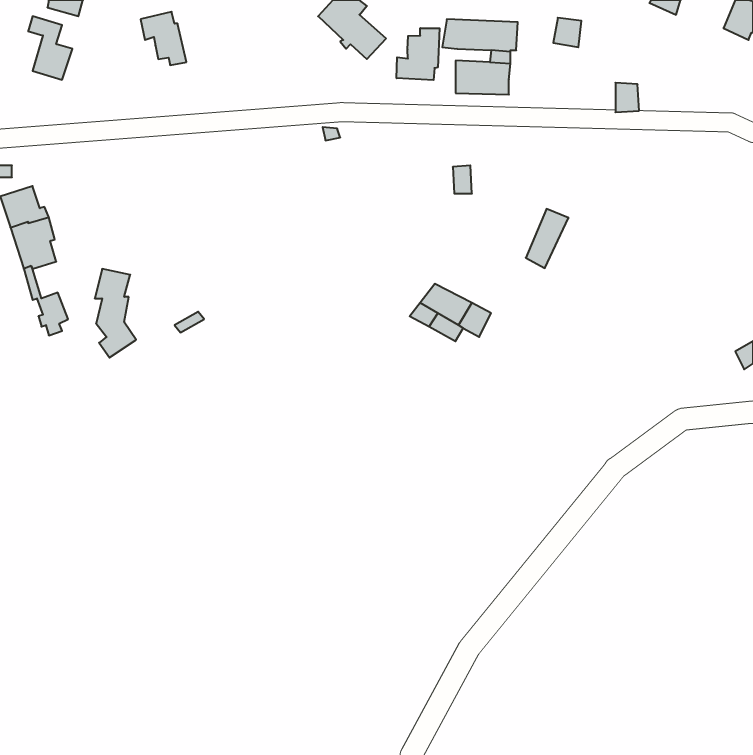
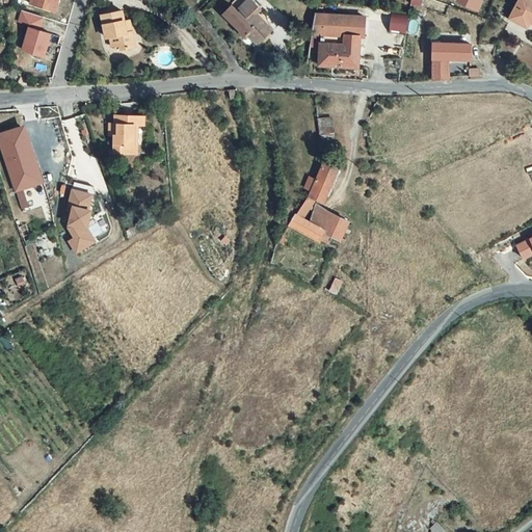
building: [397,28,440,80] -> none
building: none -> [432,43,470,59]
building: none -> [106,116,135,153]
building: [526,209,569,268] -> [309,161,339,203]

